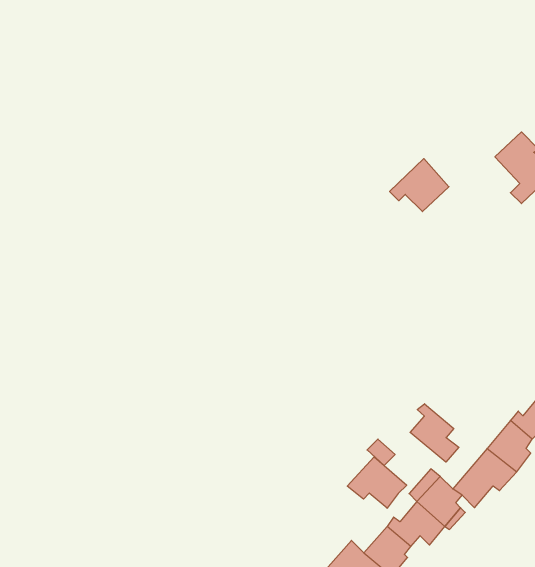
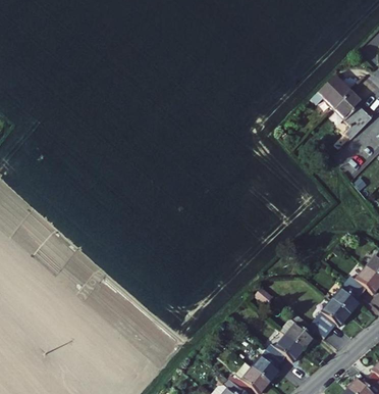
building: [390,159,449,212] -> [314,75,353,109]
building: [410,404,459,462] -> none
building: [347,457,407,508] -> none

